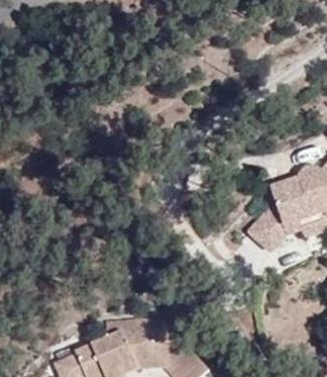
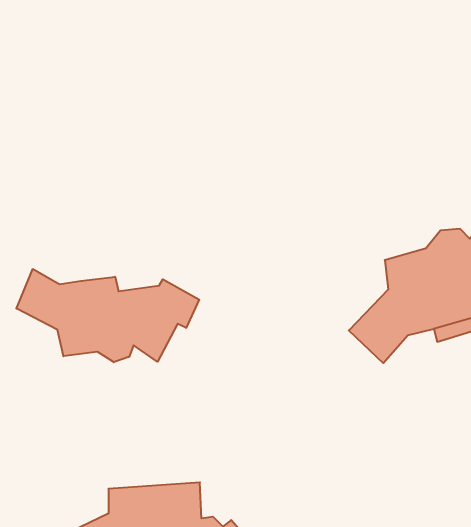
building: none -> [16,269,199,362]

